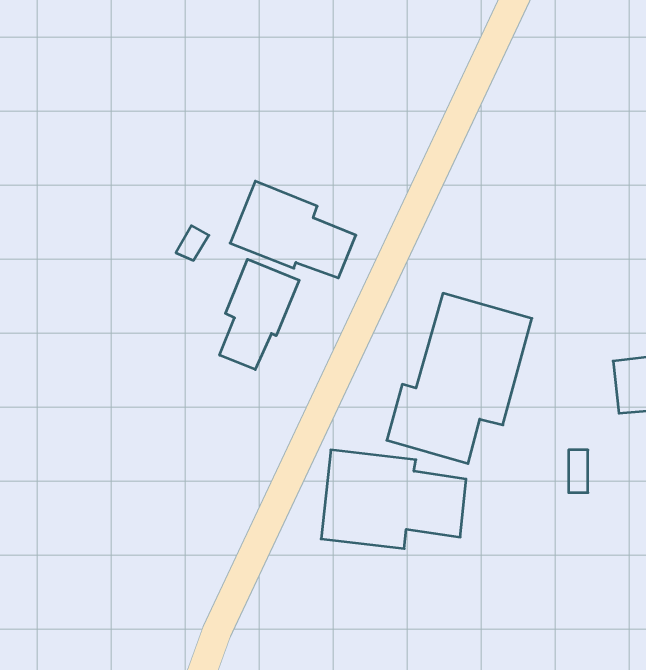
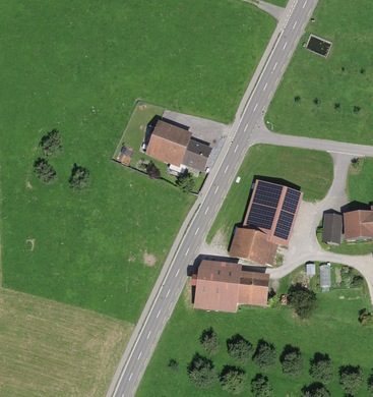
building: [220,259,299,370] -> none
building: none -> [323,213,341,241]

